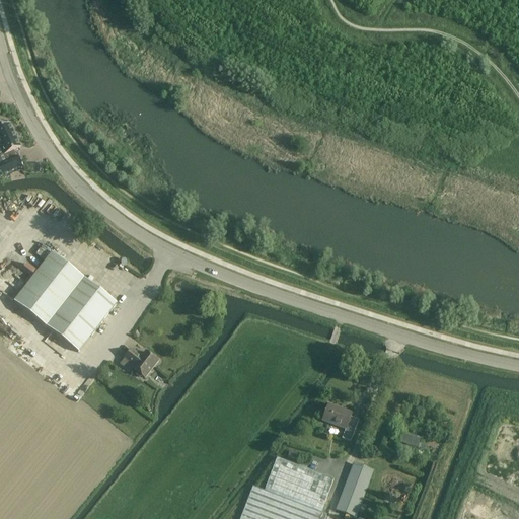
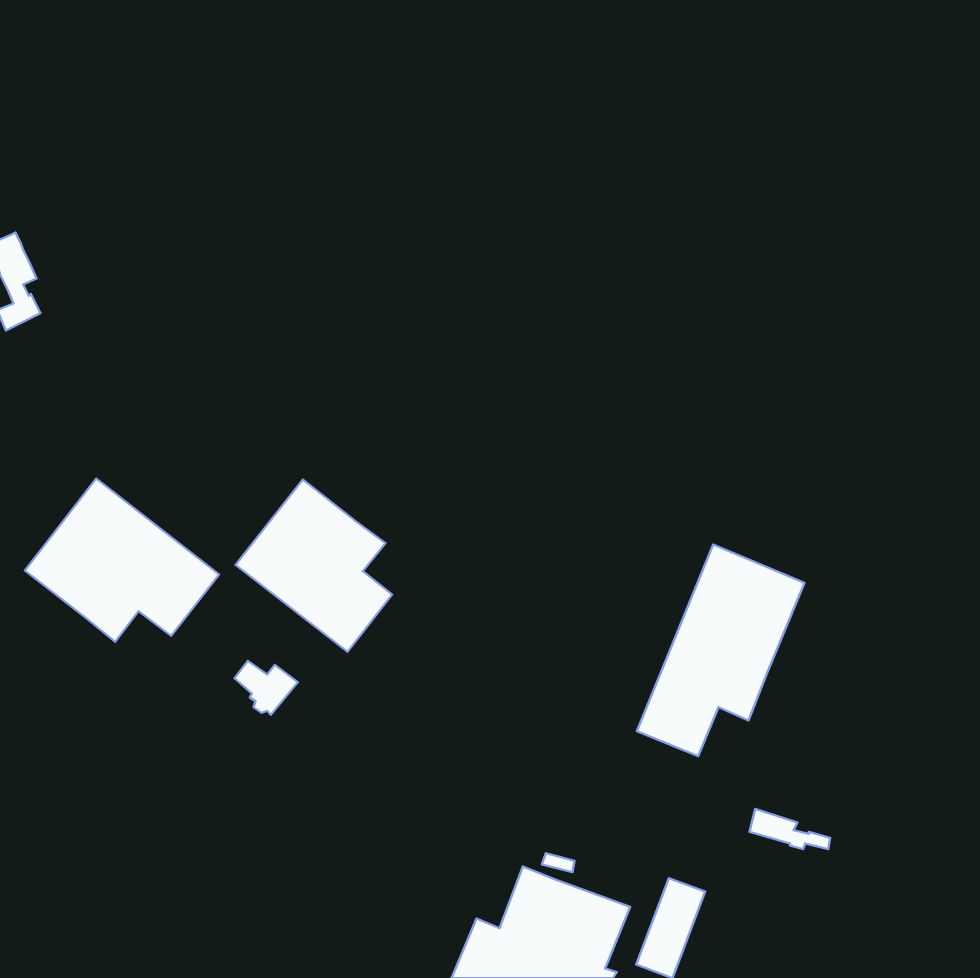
building: none -> [236,480,392,652]
building: none -> [637,545,804,756]
building: [321,403,358,441] -> none

